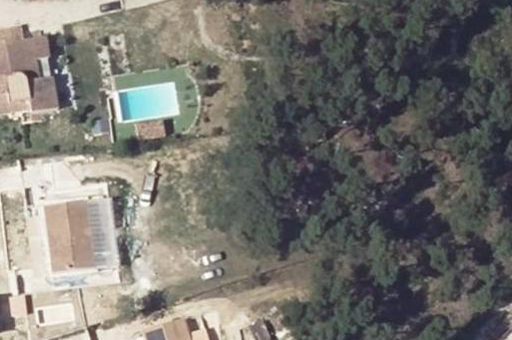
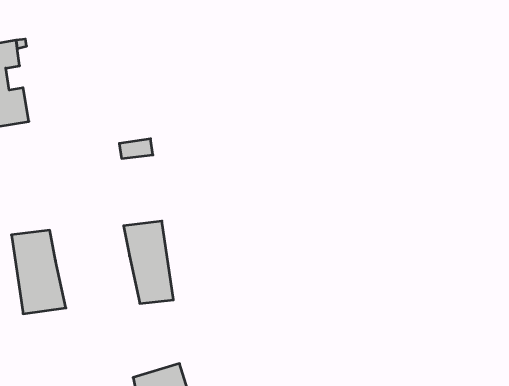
building: [74,198,117,269] -> [124,221,173,303]

